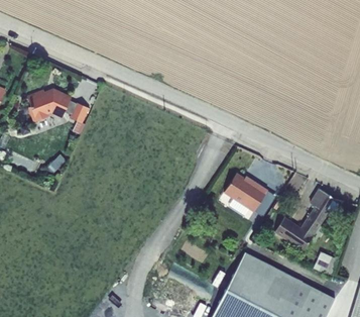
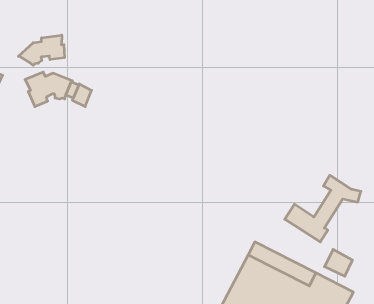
building: none -> [18,35,64,65]
building: [225,177,270,216] -> none

